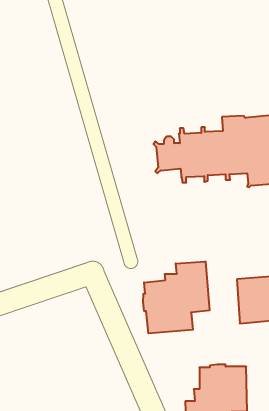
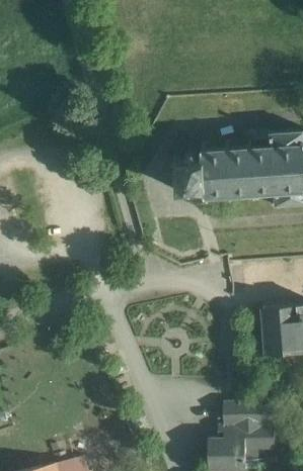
building: [143,261,210,333] -> none

